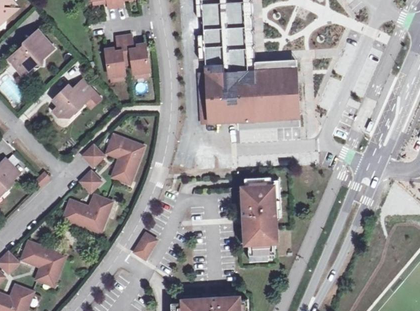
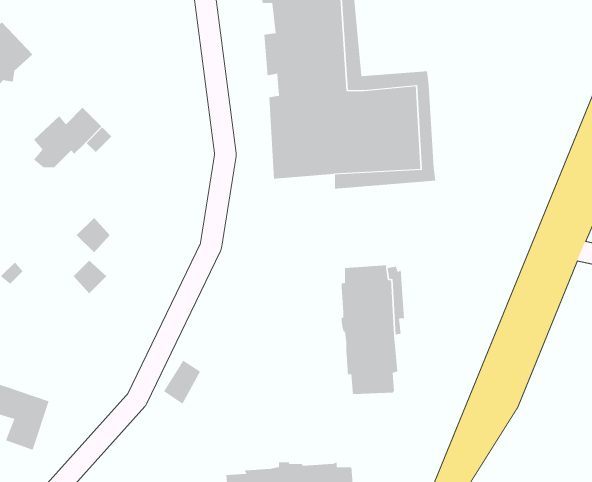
building: [104,34,147,76] -> none
building: [106,135,140,181] -> none
building: [64,196,110,231] -> none

